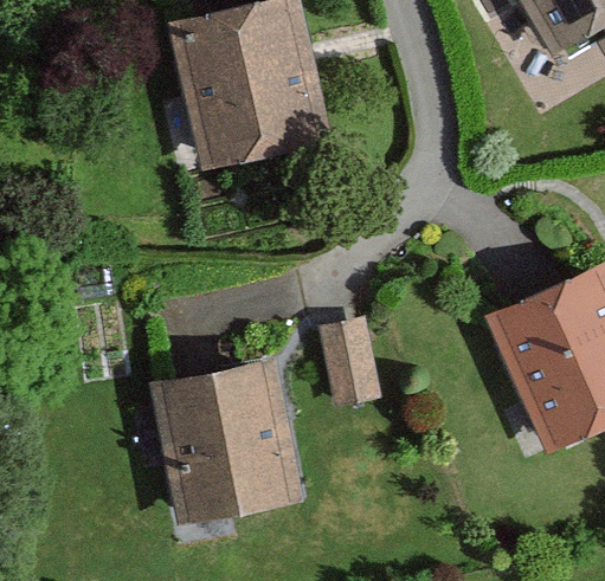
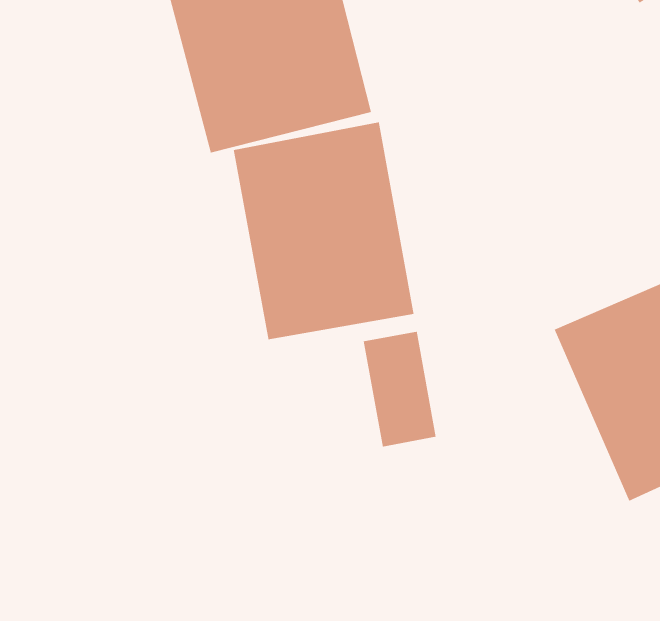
building: none -> [233,121,414,340]
building: [152,360,302,525] -> none

